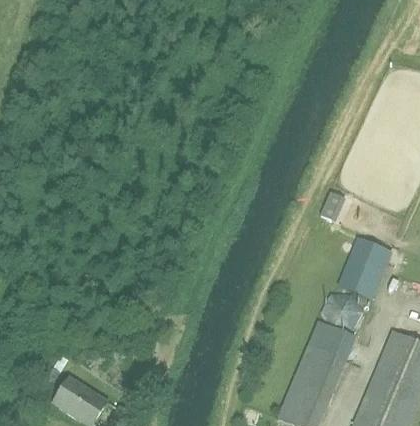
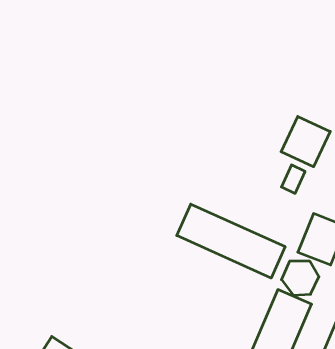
building: none -> [281,116,330,167]
building: none -> [177,204,285,278]

